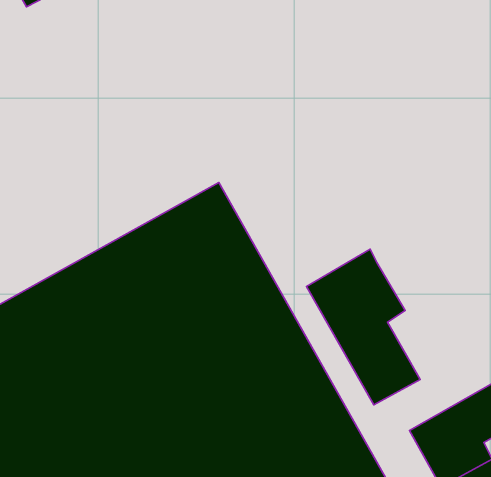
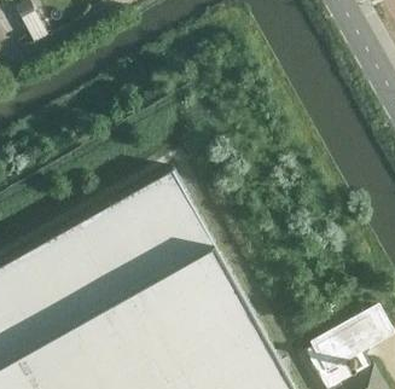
building: [306,249,420,405] -> none

